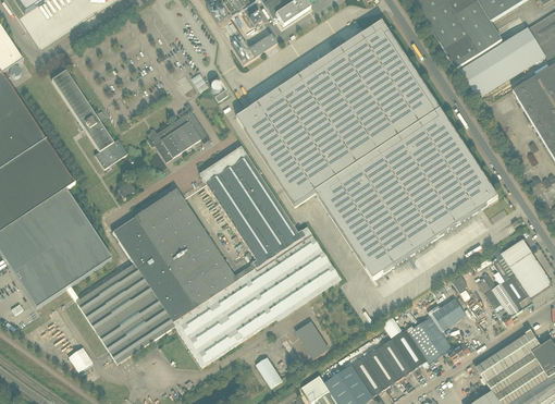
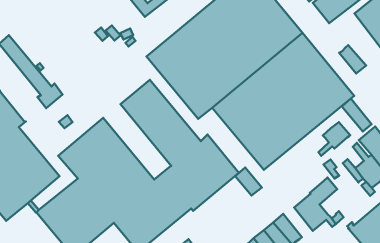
building: [147,103,209,160] -> none
building: none -> [339,45,366,74]
building: none -> [342,98,372,132]
building: none -> [318,122,350,156]
building: [296,320,329,357] -> [235,167,262,195]
building: [393,328,427,369] -> none

